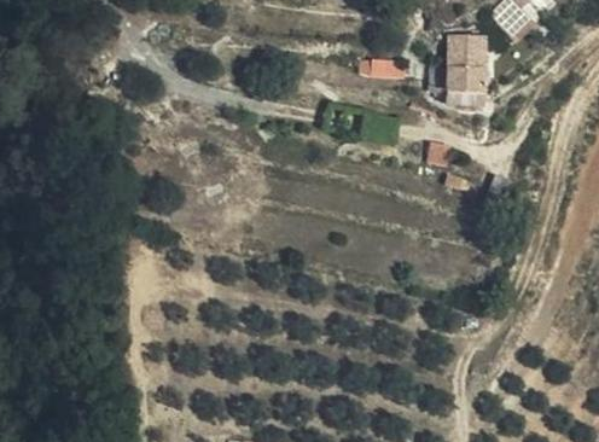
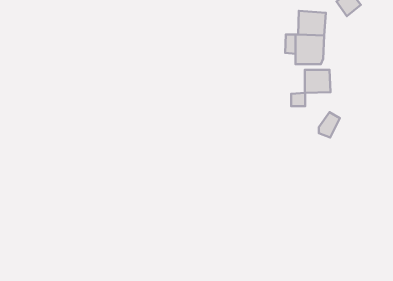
building: none -> [305,70,330,93]

